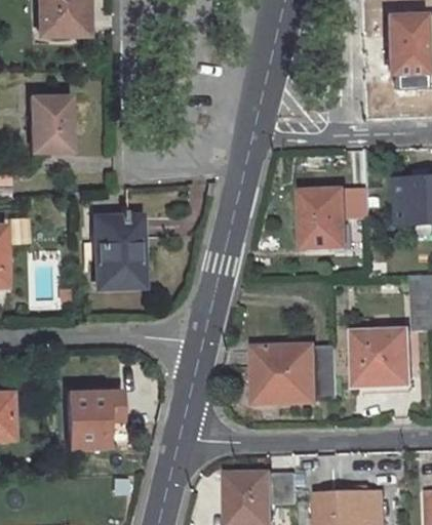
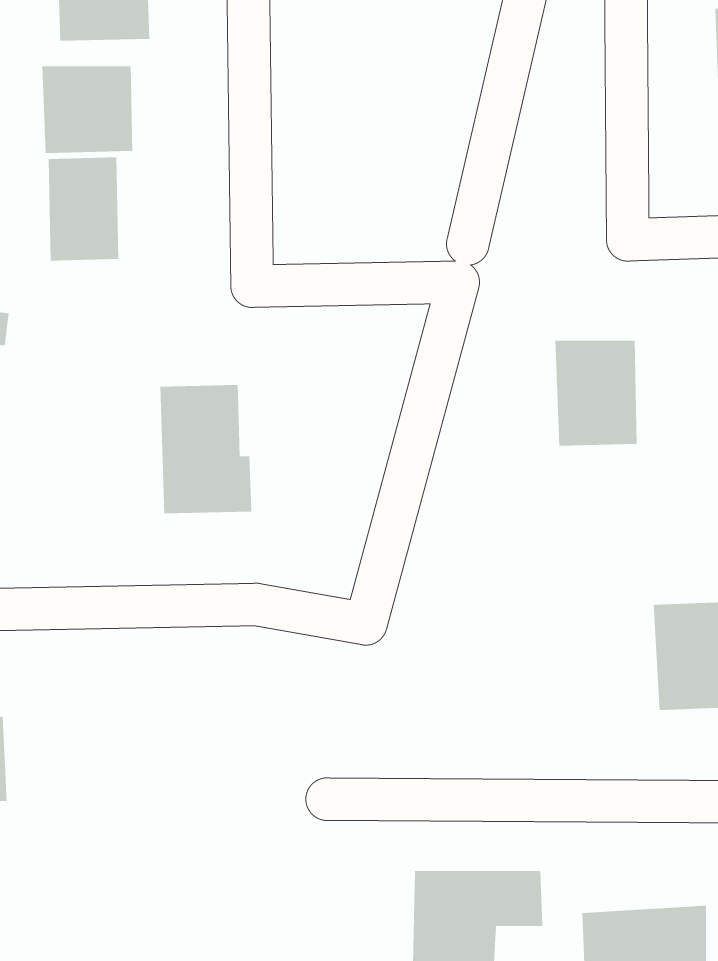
building: none -> [42,65,133,154]
building: [253,346,336,404] -> none
building: [65,391,119,446] -> none

